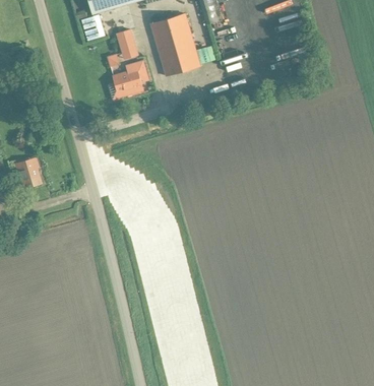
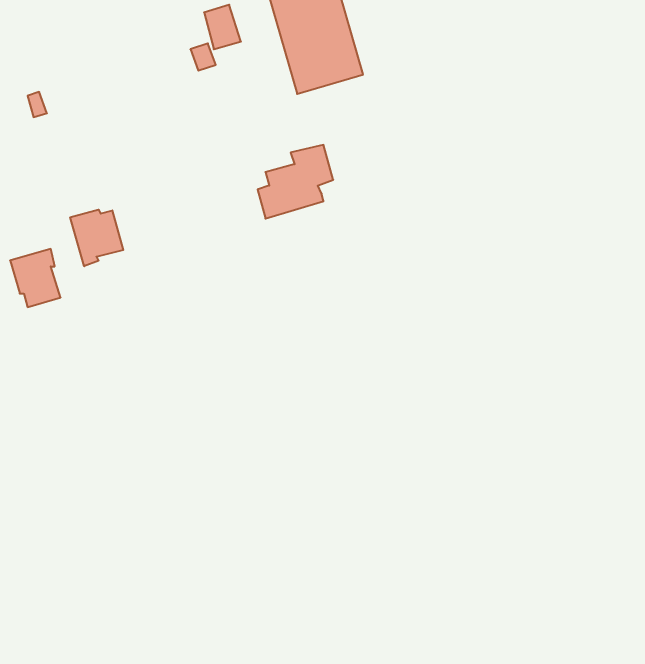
building: [109,61,148,100] -> [258,145,333,219]
building: none -> [70,210,123,266]

